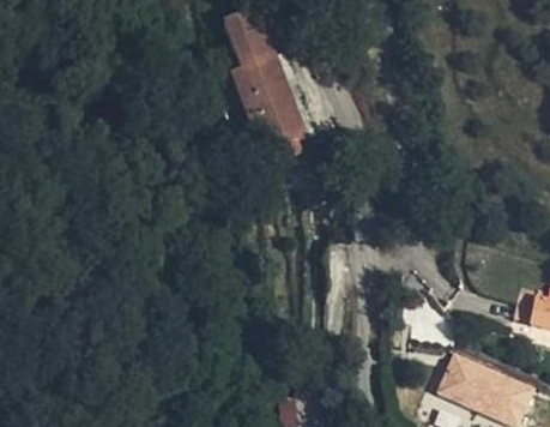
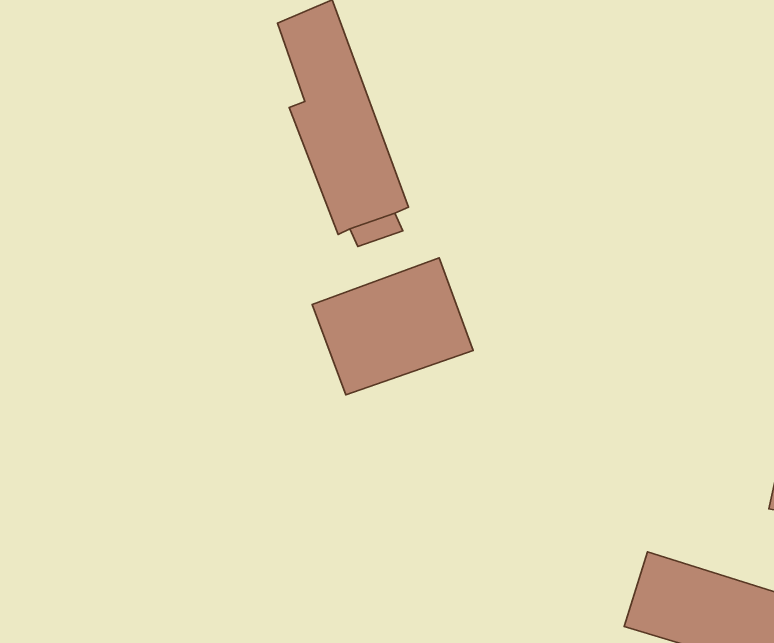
building: none -> [312,258,473,395]

